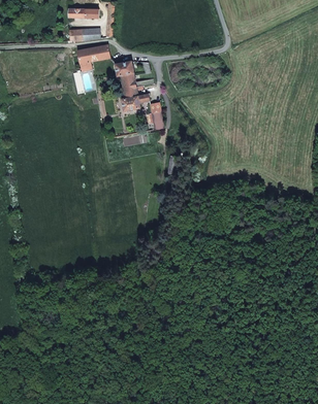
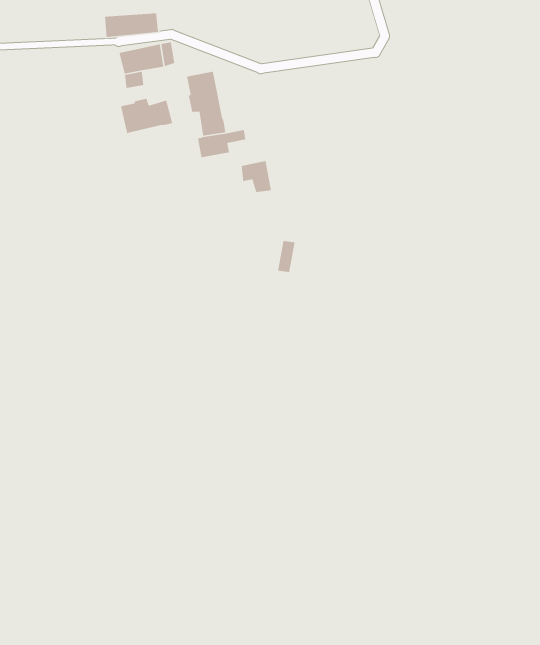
building: none -> [120,98,173,134]

